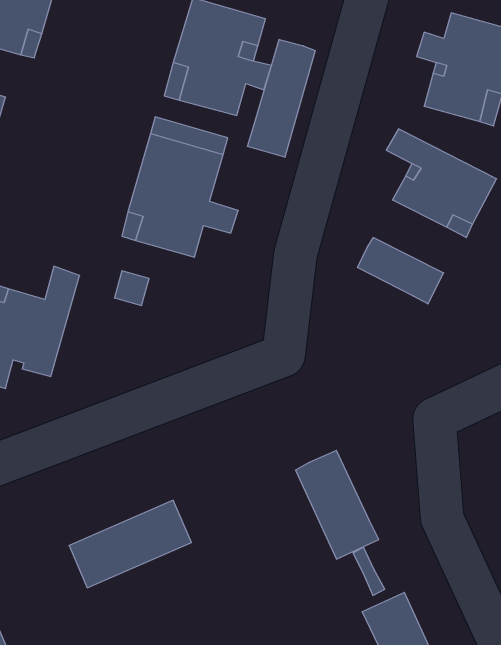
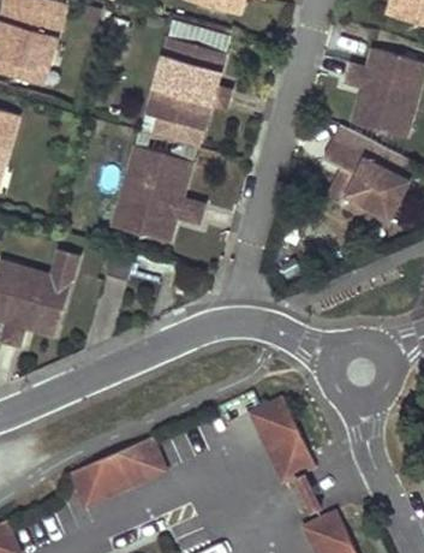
building: [247,39,315,157] -> none
building: [358,238,444,304] -> none

